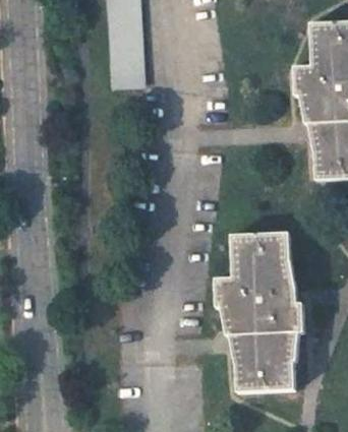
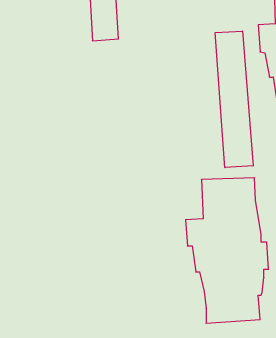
building: none -> [215,31,253,168]

